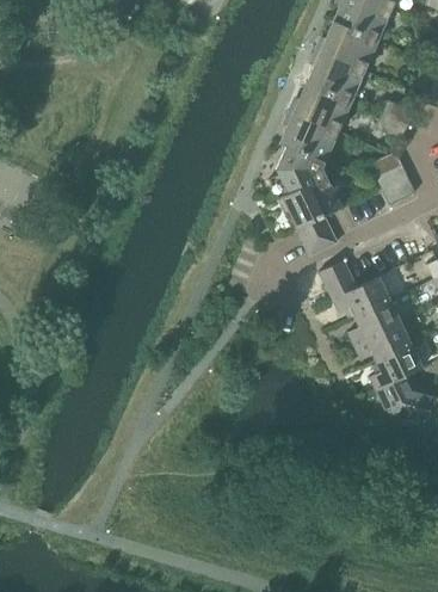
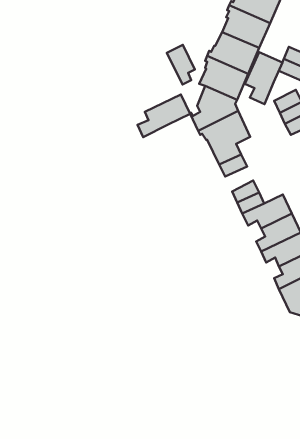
building: none -> [167,45,195,84]
building: none -> [245,52,283,104]
building: none -> [137,95,190,137]

